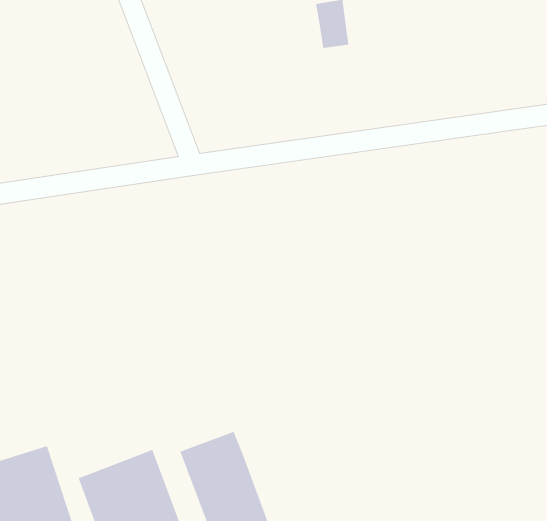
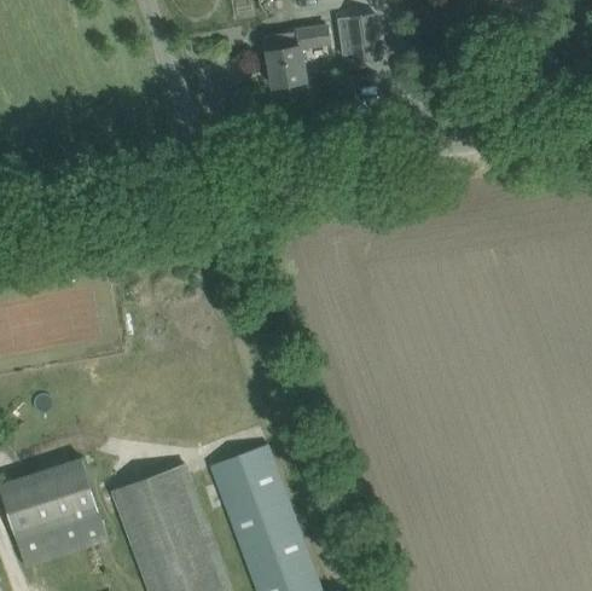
building: none -> [263,25,330,87]

